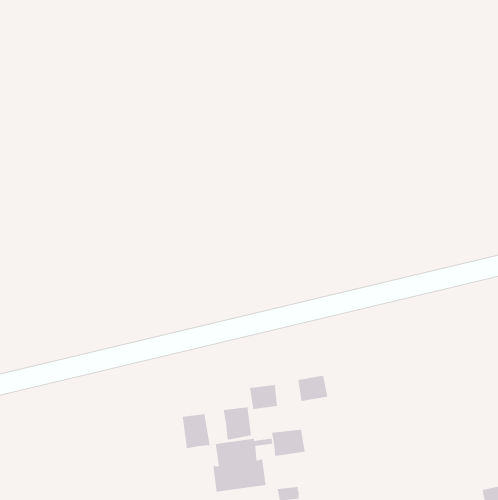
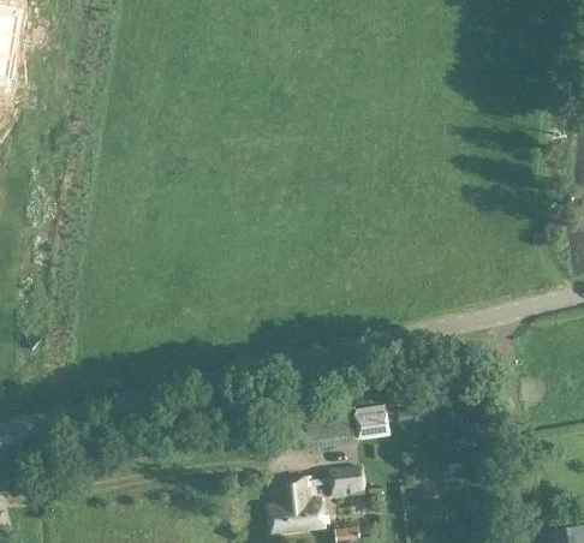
building: [223,406,252,440] -> none
building: [182,413,210,449] -> none

